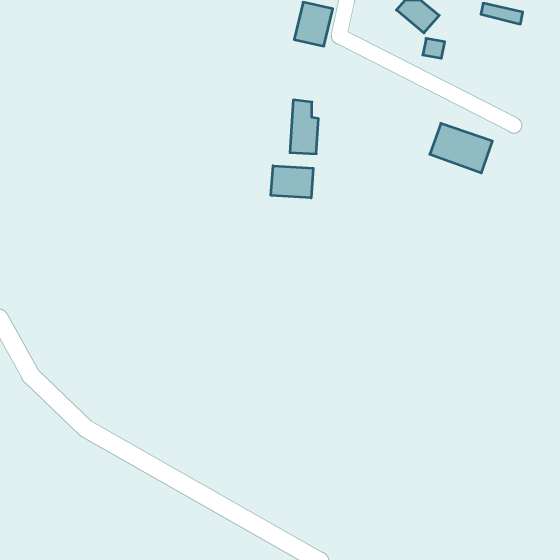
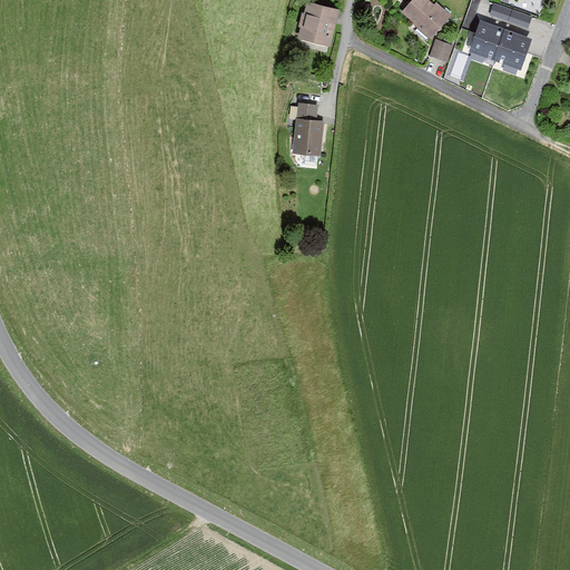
building: [430,123,492,173] -> [468,20,531,70]
building: [271,166,313,198] -> none

